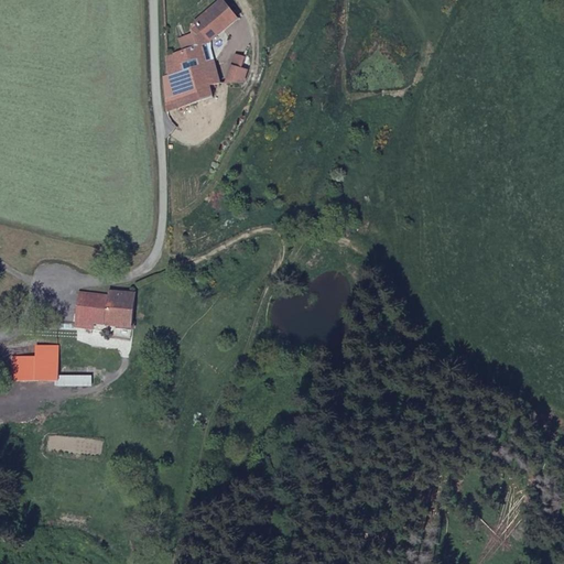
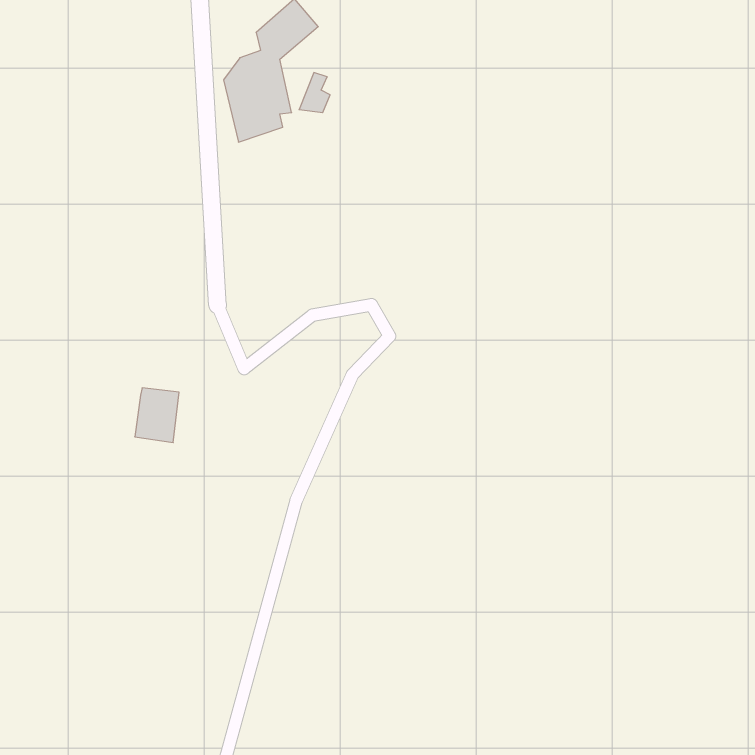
building: [74,291,105,325] -> none
building: [10,344,57,380] -> none

